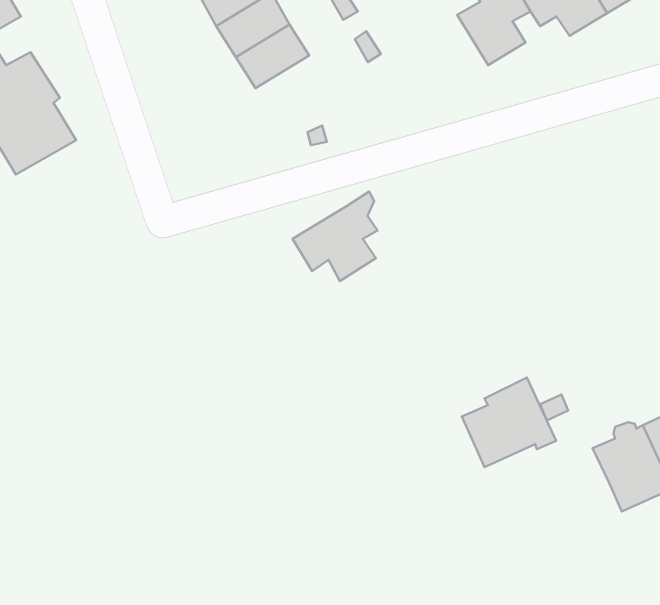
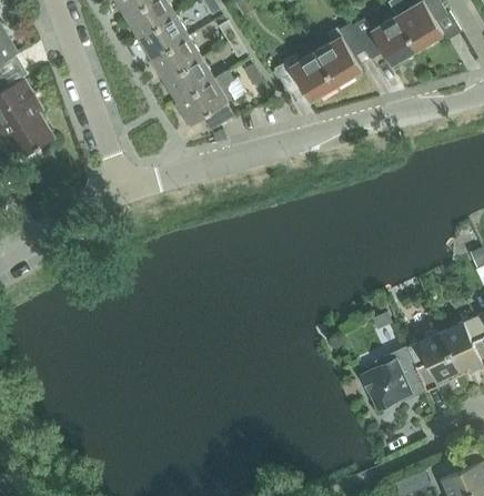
building: none -> [272,52,335,102]
building: [293,191,377,281] -> [177,70,234,131]
building: [462,377,556,467] -> [362,347,426,408]

